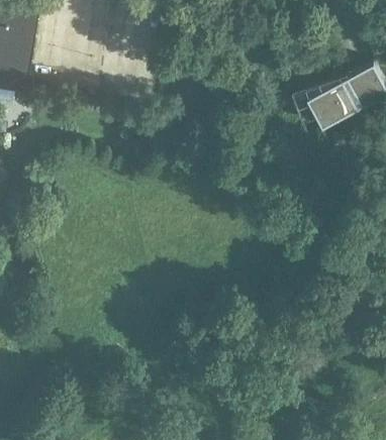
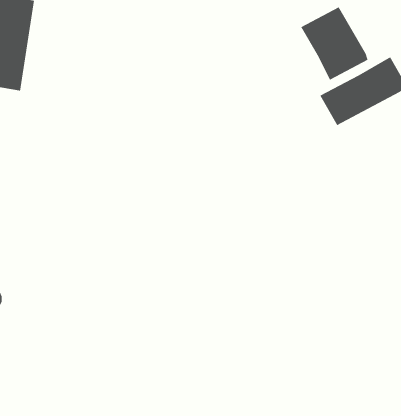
building: none -> [301,6,368,81]

